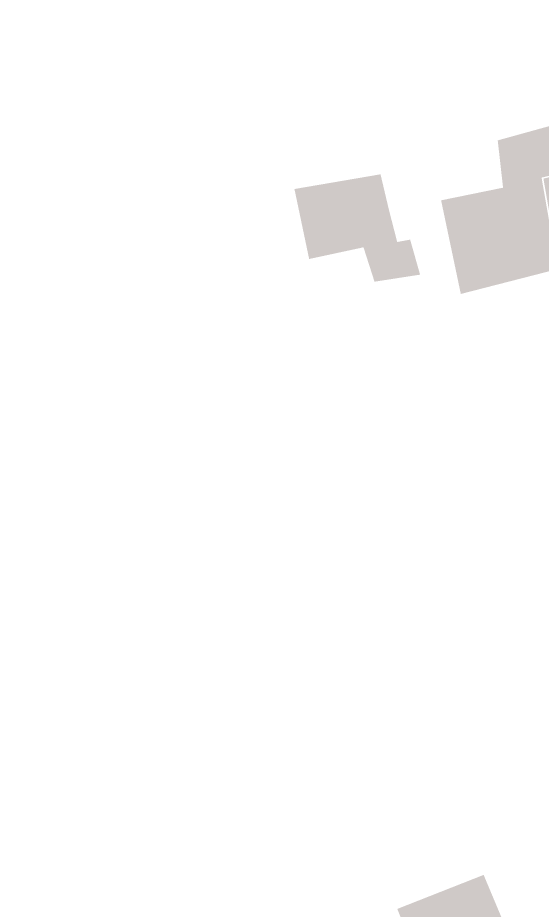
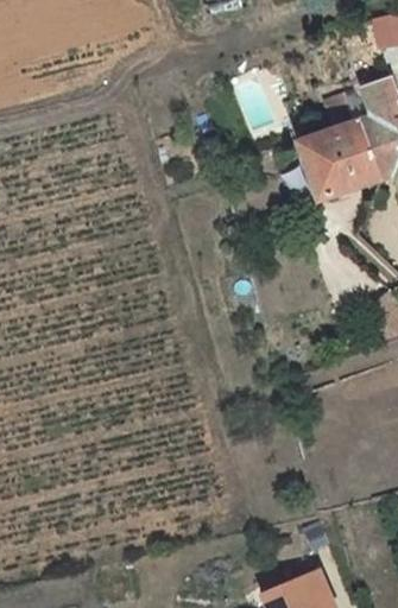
building: [293,173,421,282] -> none

